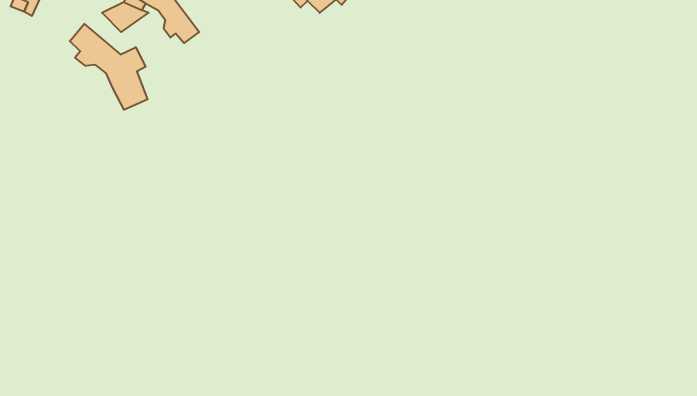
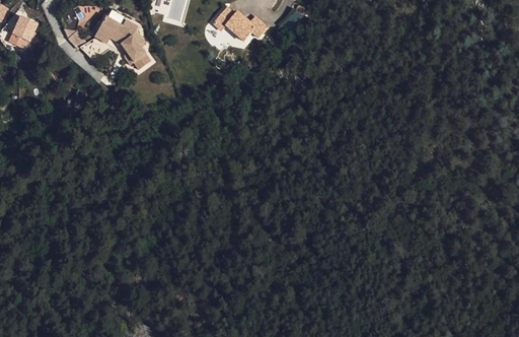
building: [70,24,148,110] -> none

